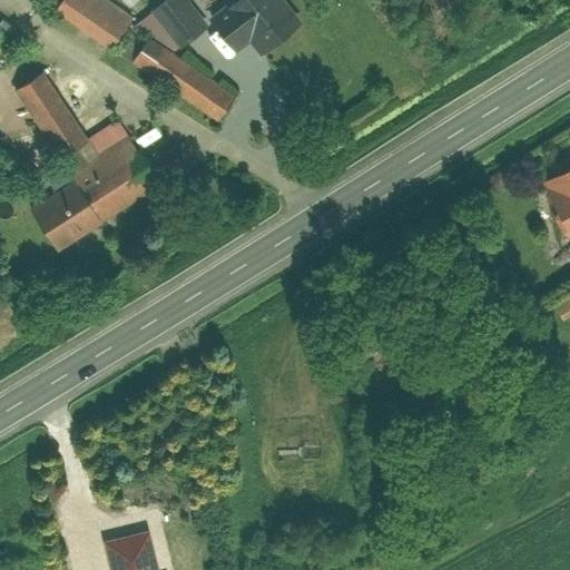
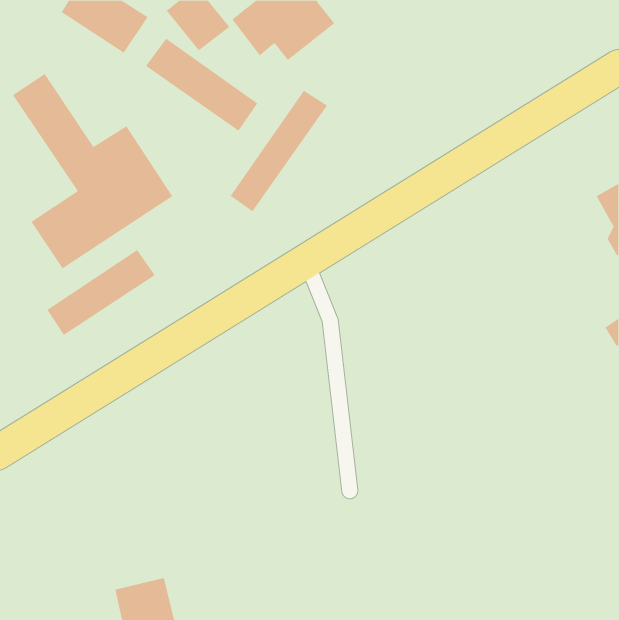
building: none -> [230,90,328,212]
building: none -> [47,249,155,336]

